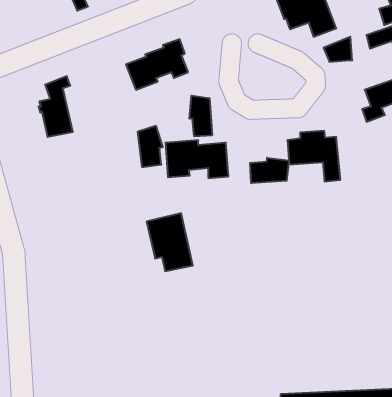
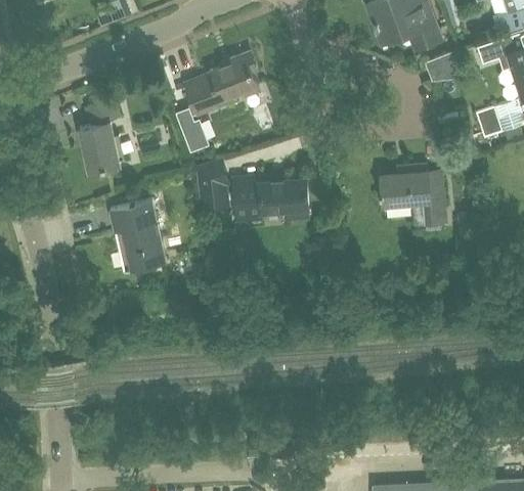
building: none -> [176,108,207,151]
building: [189,96,212,136] -> none
building: [250,158,289,183] -> none
building: [147,213,193,271] -> [110,199,166,270]

